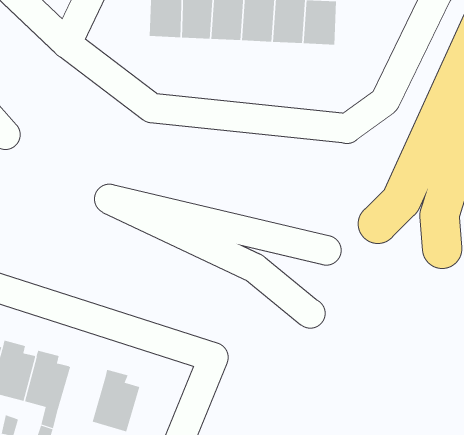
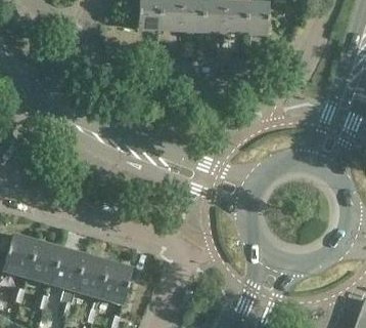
building: none -> [75,253,107,297]

